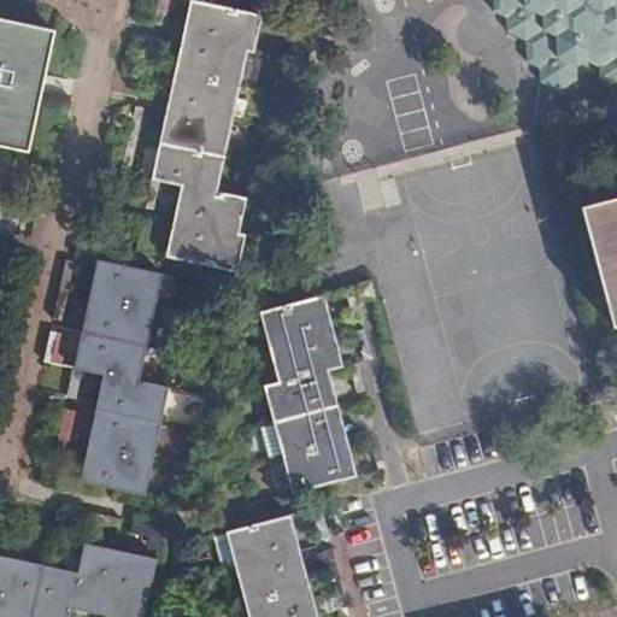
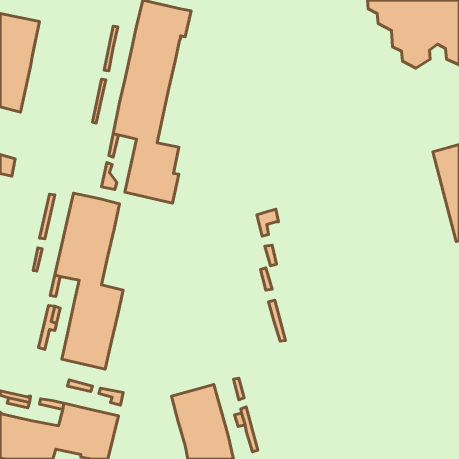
building: [262,292,353,492] -> none

